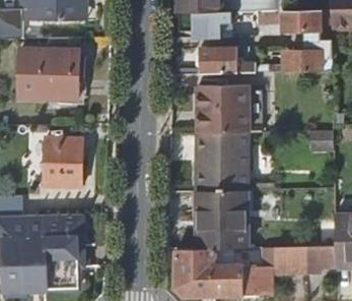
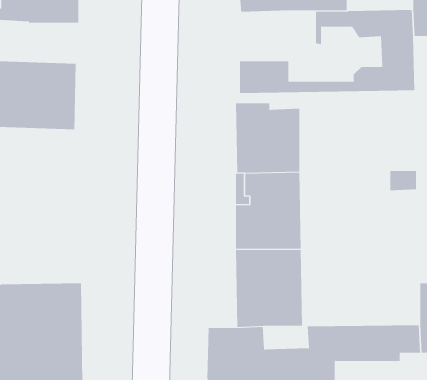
building: [179,9,232,38] -> none
building: [44,136,82,187] -> none

